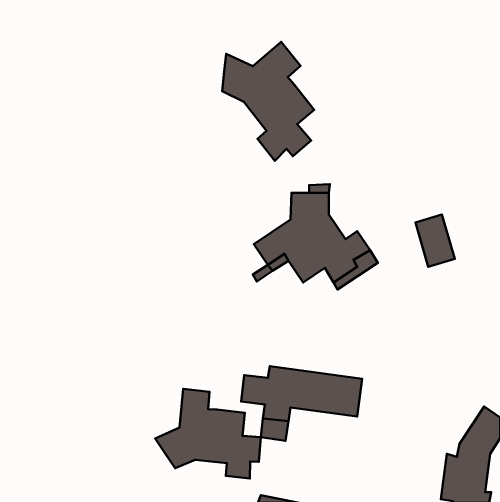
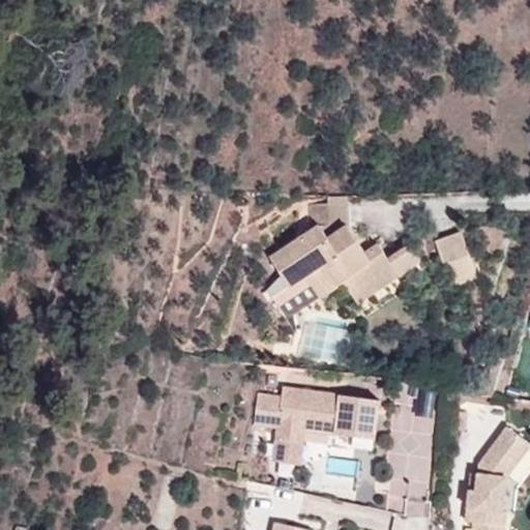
building: [222,42,314,161] -> none
building: [155,389,261,479] -> none

